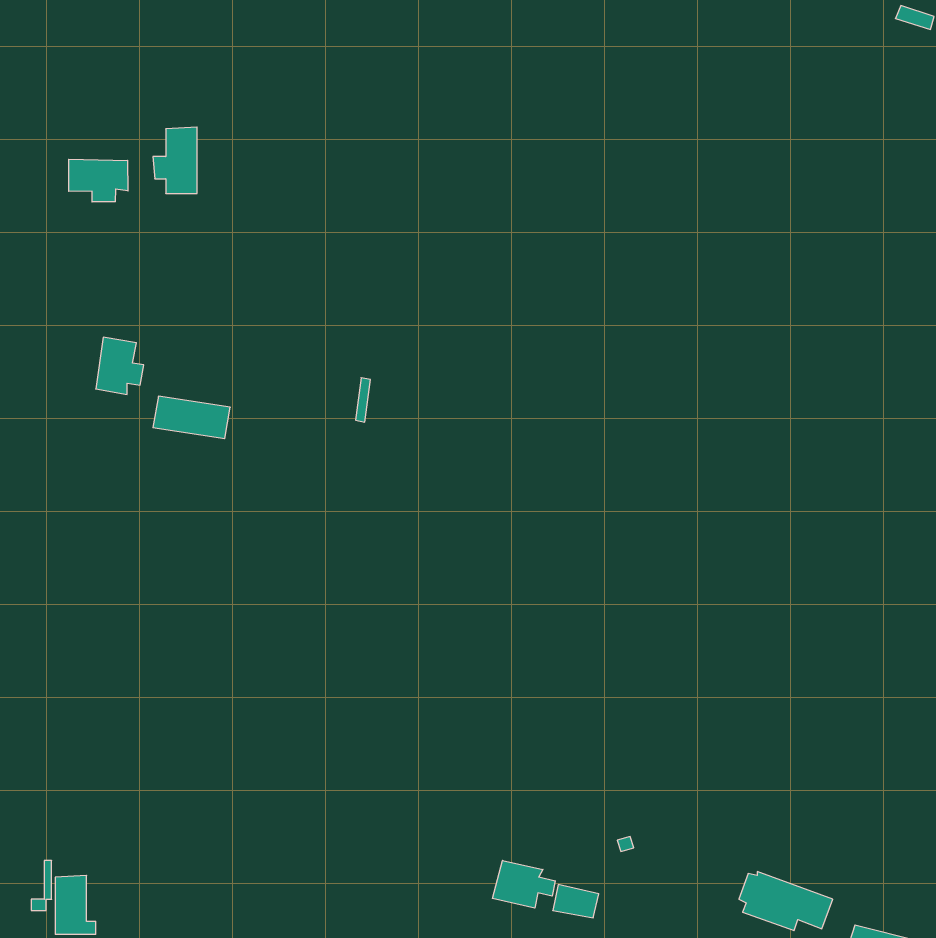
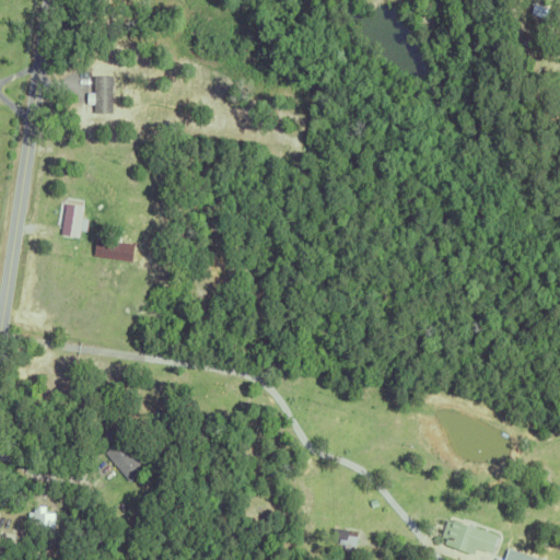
building: [69,159,128,202] -> none
building: none -> [105,439,145,481]
building: [492,860,555,908] -> none

